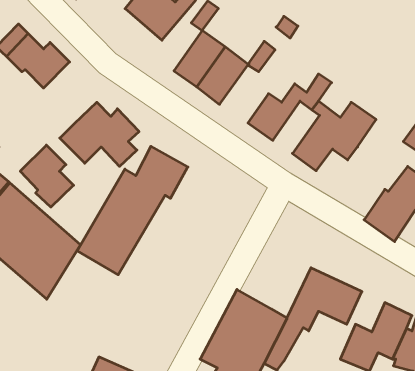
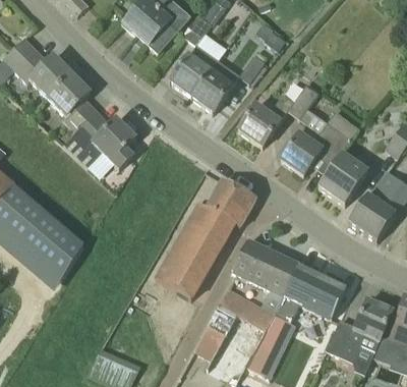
building: [20,145,74,207] -> [48,72,98,130]
building: [77,146,188,275] -> [153,178,256,298]
building: none -> [318,152,368,204]
building: none -> [232,239,298,312]

